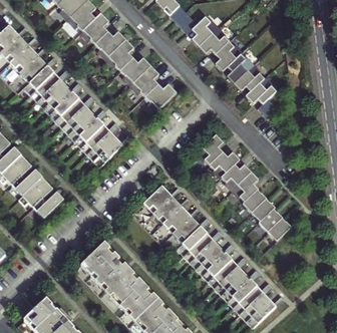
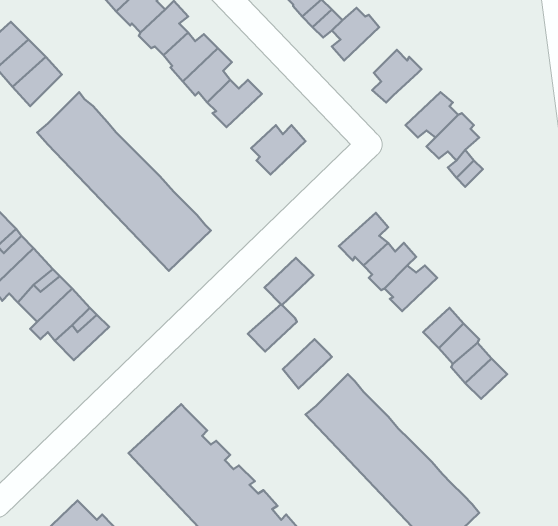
building: [199,26,229,52] -> none
building: [227,52,254,82] -> none
building: [19,53,47,81] -> none
building: [131,64,159,95] -> none
building: [232,170,259,200] -> none
building: [153,195,182,222] -> [264,258,314,305]
building: [173,215,201,243] -> none

